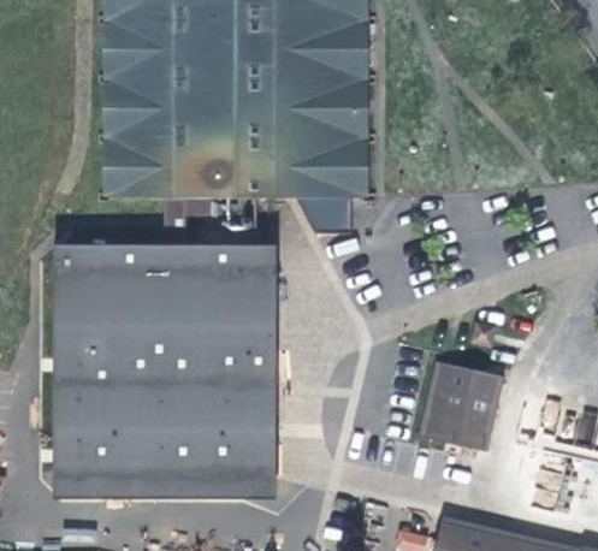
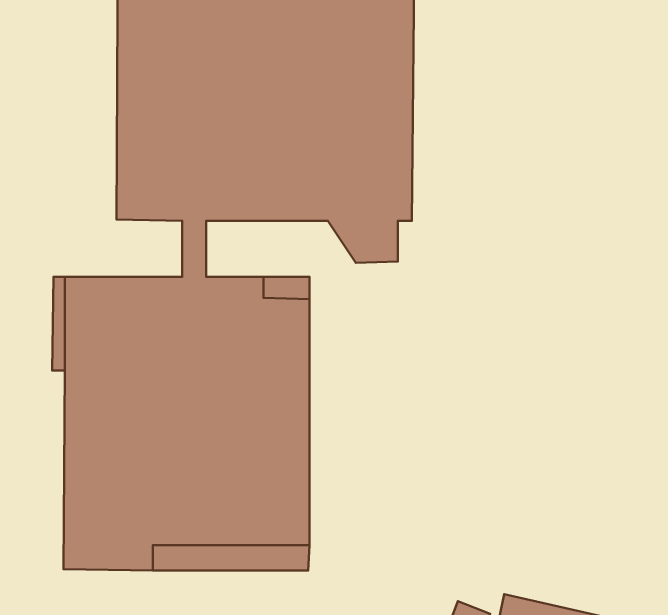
building: [419,361,503,452] -> none

